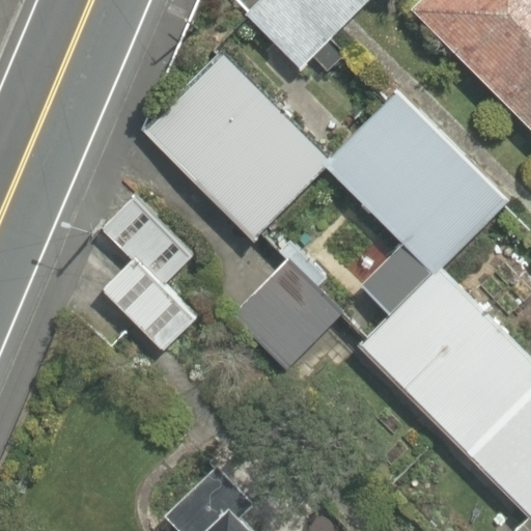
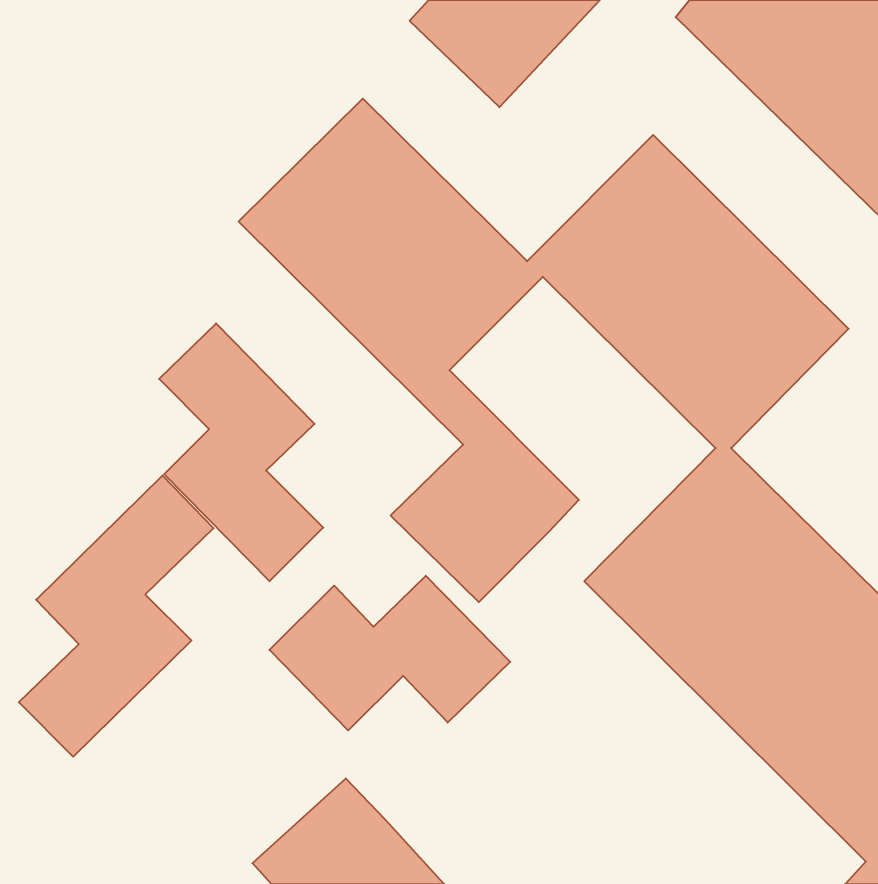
building: none -> [19,475,214,757]
building: none -> [269,576,510,730]

